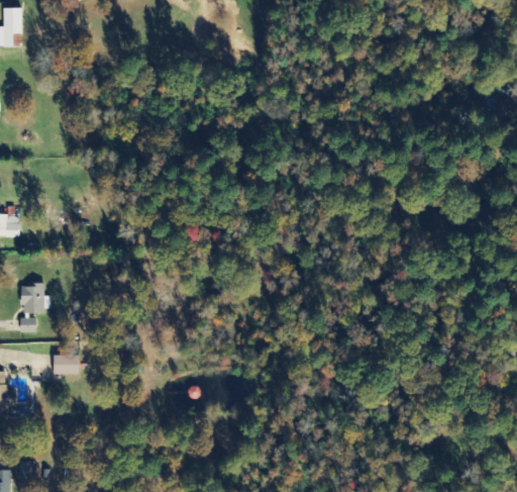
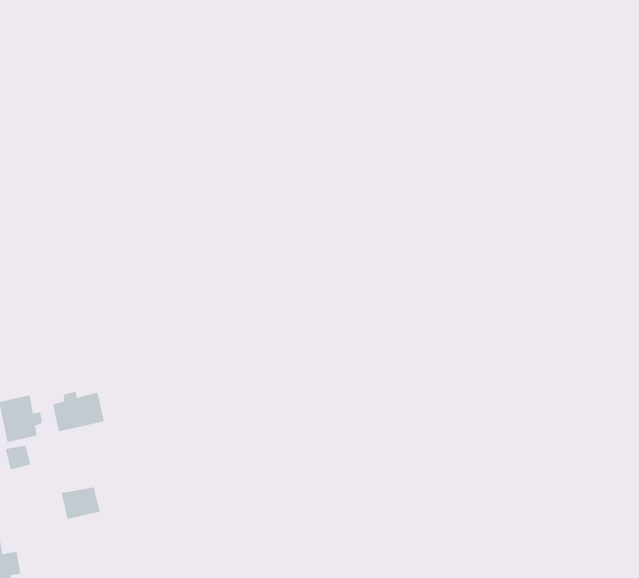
building: none -> [52,391,104,432]

